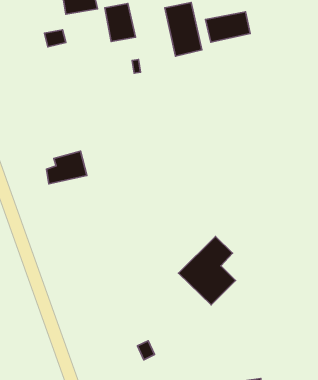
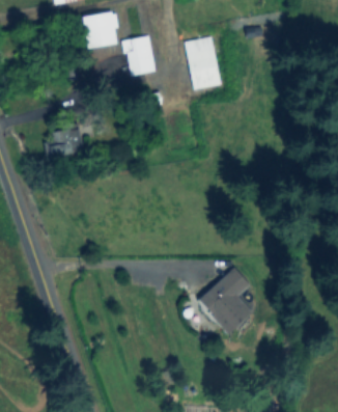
building: [205,12,250,42] -> none
building: [47,151,87,184] -> [45,125,84,157]

